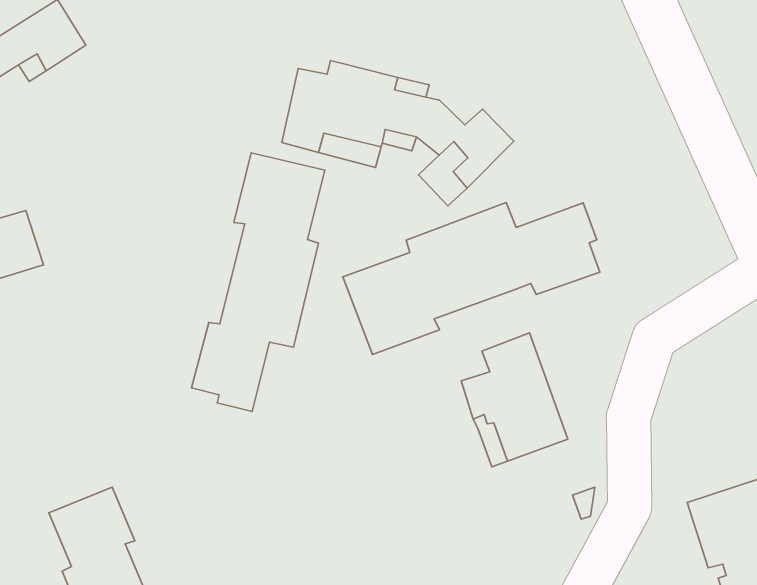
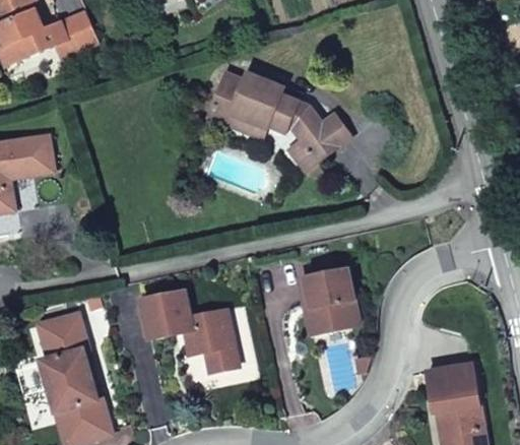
building: [192,153,325,412] -> none
building: [343,203,600,354] -> none
building: none -> [140,289,237,371]

